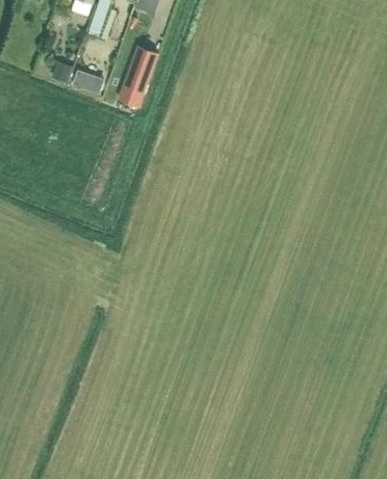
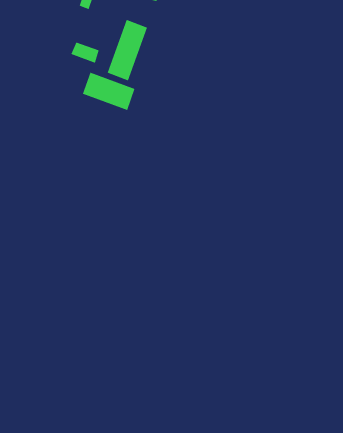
building: none -> [82,72,135,111]

